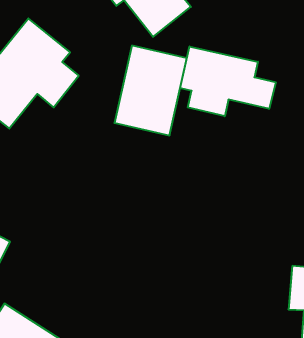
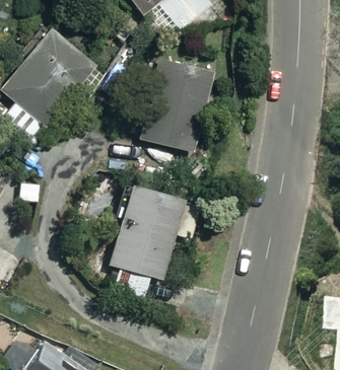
building: [180,46,276,116] -> none
building: none -> [107,183,184,300]

